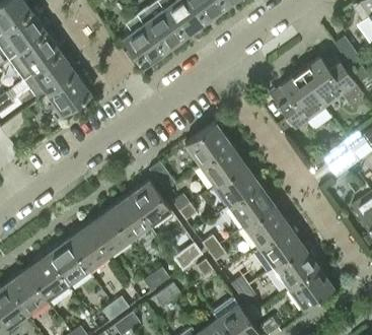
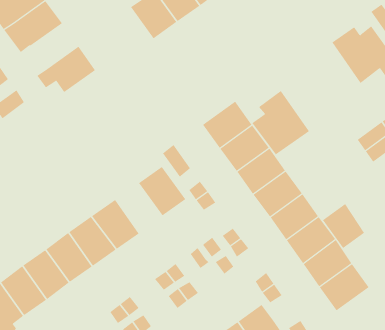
building: [24,54,76,94] -> none
building: [274,71,325,129] -> [251,90,310,155]
building: [108,196,150,241] -> none
building: none -> [322,203,365,249]

